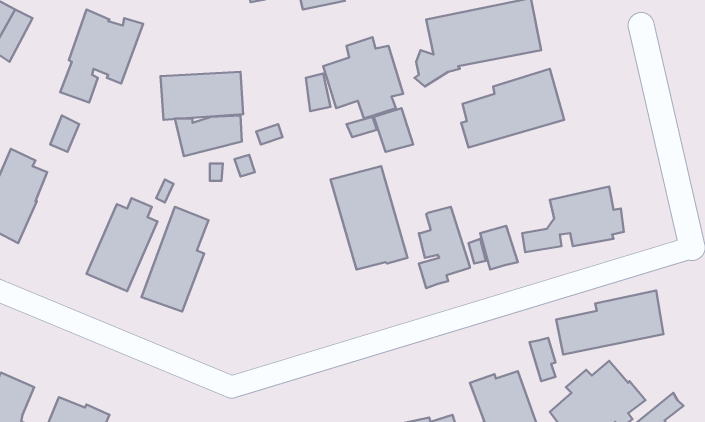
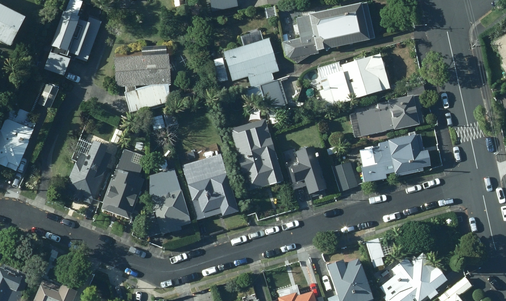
building: none -> [180,148,239,221]
building: none -> [146,169,190,236]
building: [556,291,664,354] -> [351,92,425,136]

